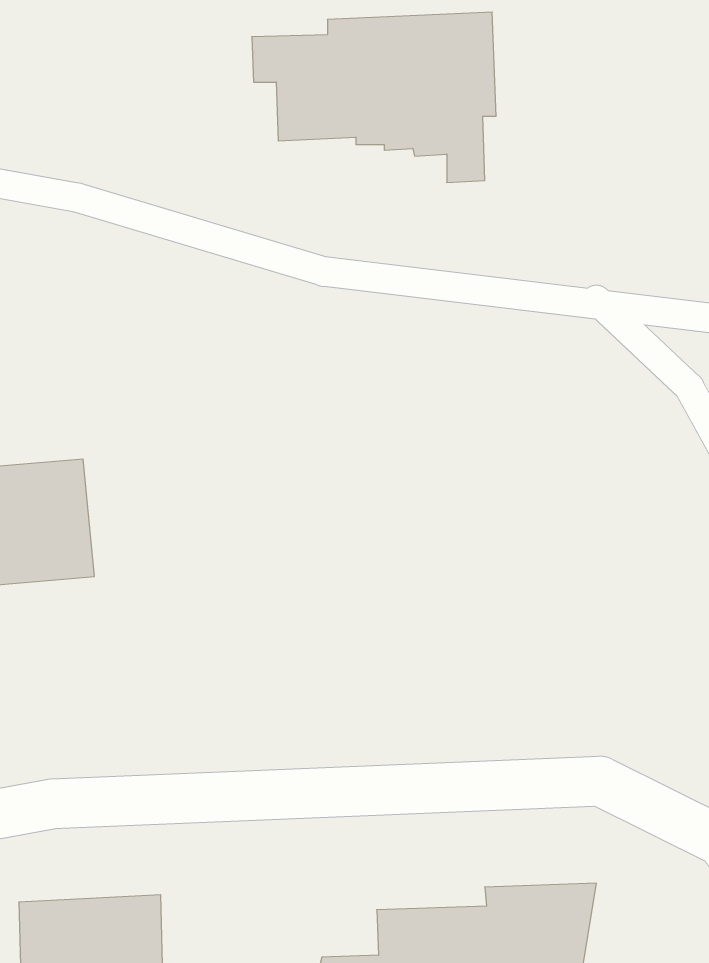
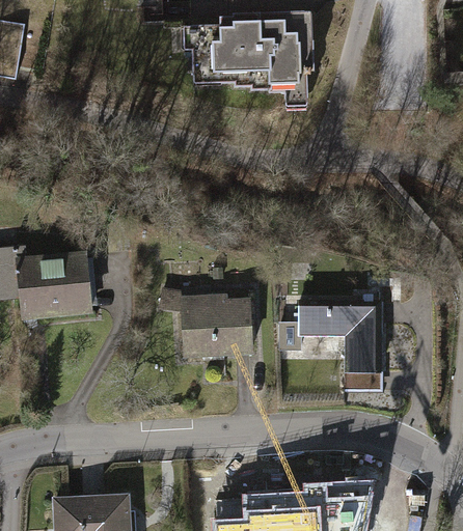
building: none -> [159,288,253,360]
building: none -> [278,302,384,393]

